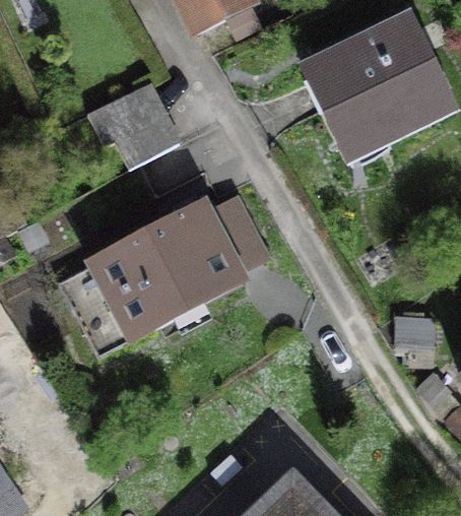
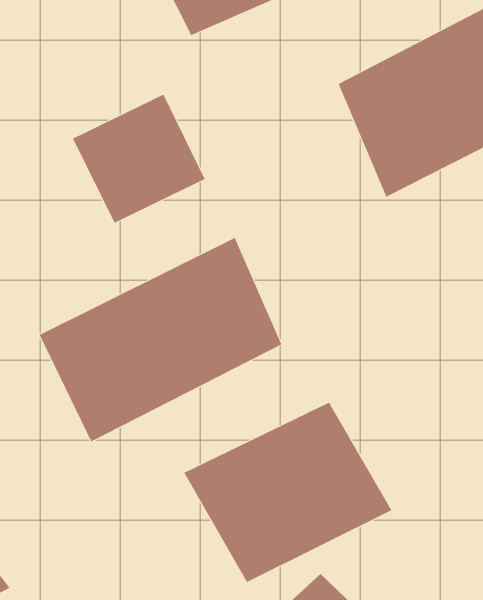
building: none -> [183,402,392,583]

